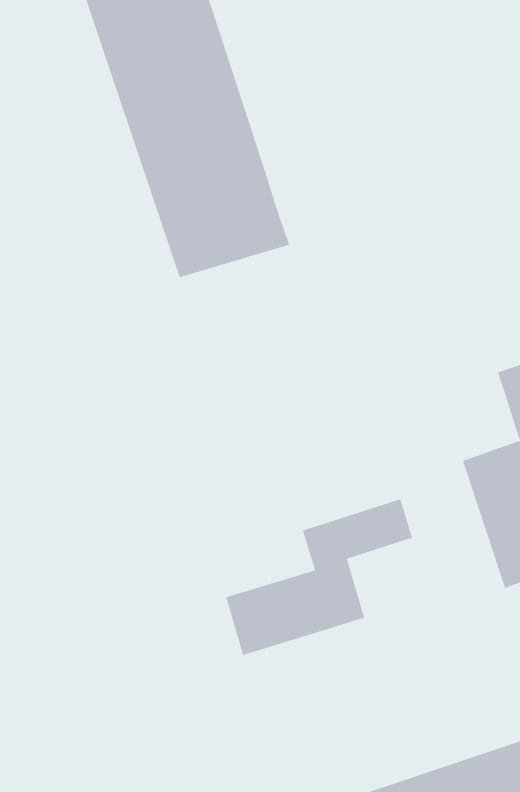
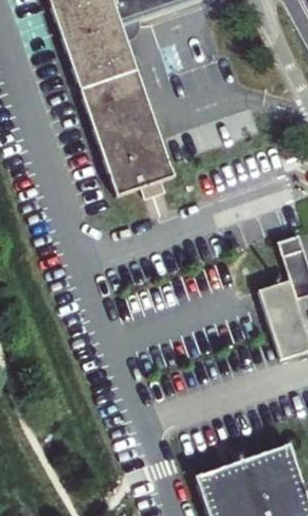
building: [226,499,413,656] -> none

